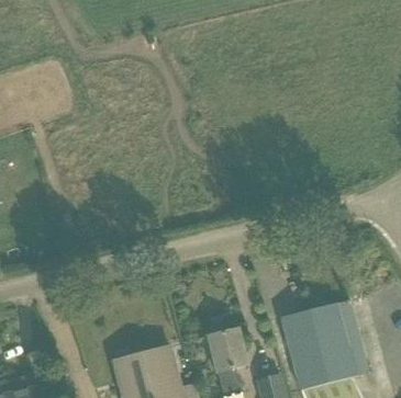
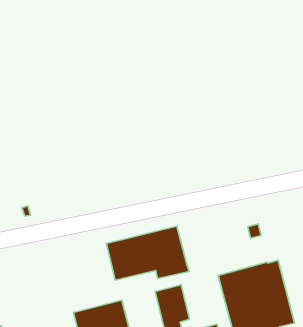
building: none -> [107,226,189,280]

